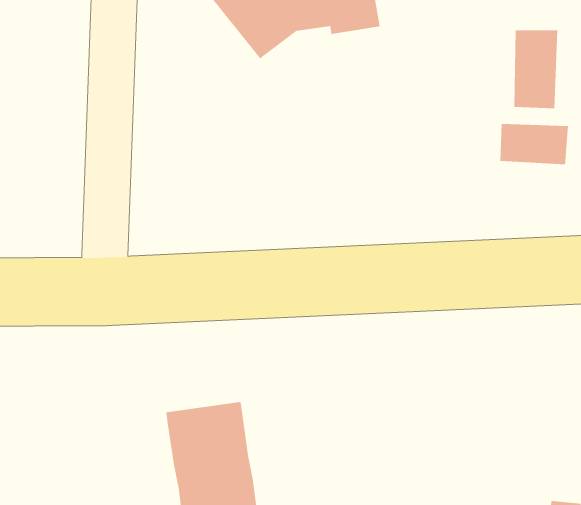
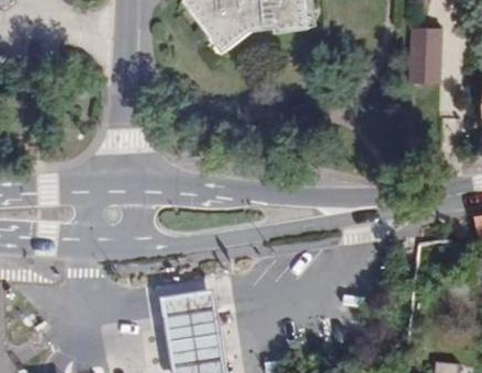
building: [500,123,569,165] -> none

